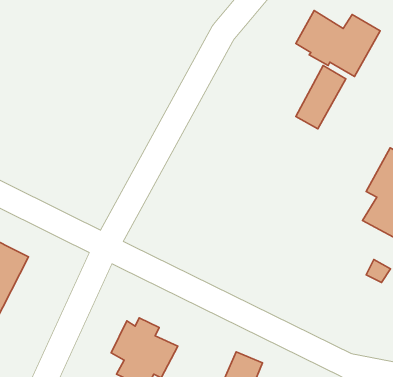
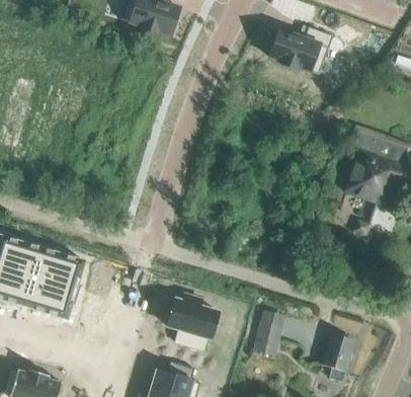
building: [296,66,346,129] -> none

